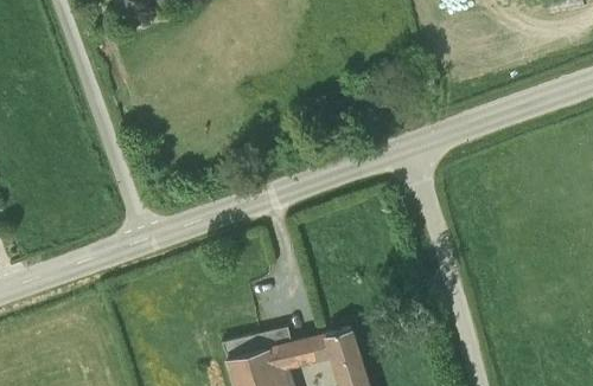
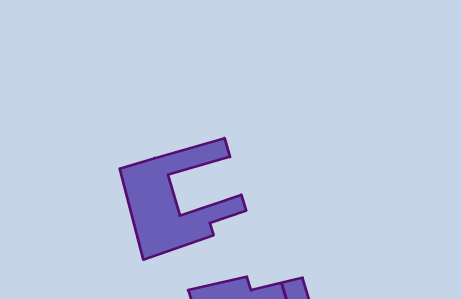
building: none -> [120,138,246,260]

